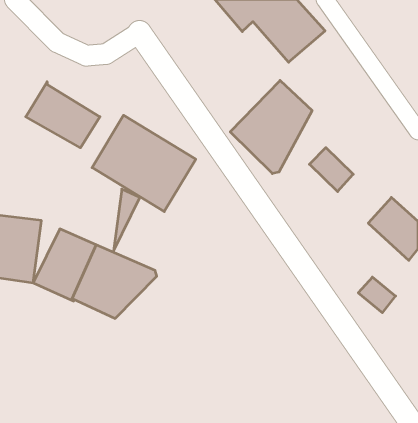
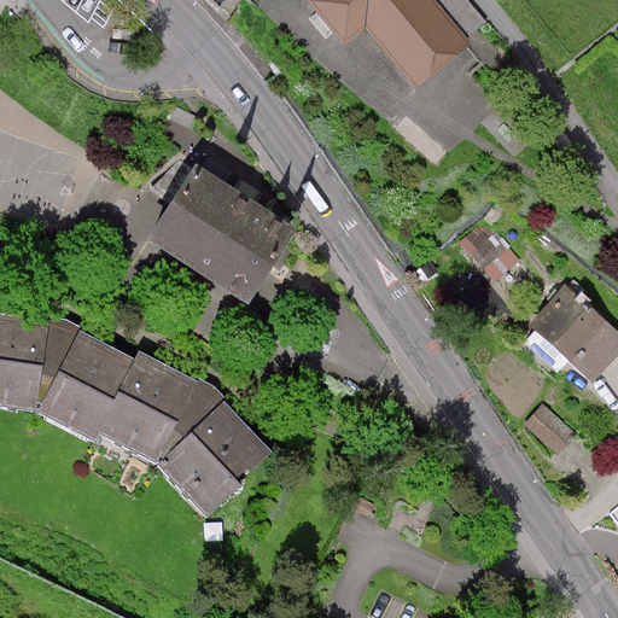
building: [230,80,312,174] -> none
building: [26,82,100,148] -> none
building: [113,189,140,251] -> [48,321,87,412]
building: none -> [168,402,282,517]

